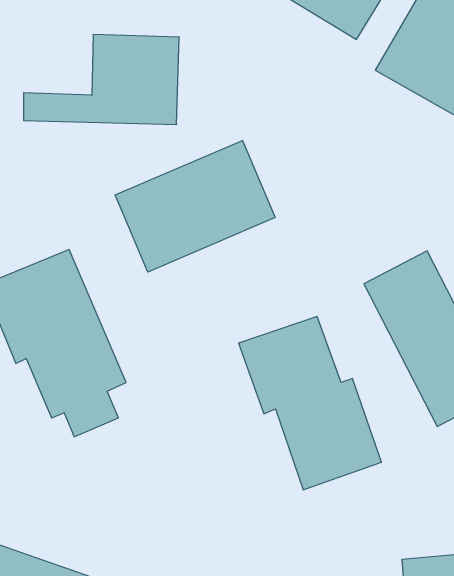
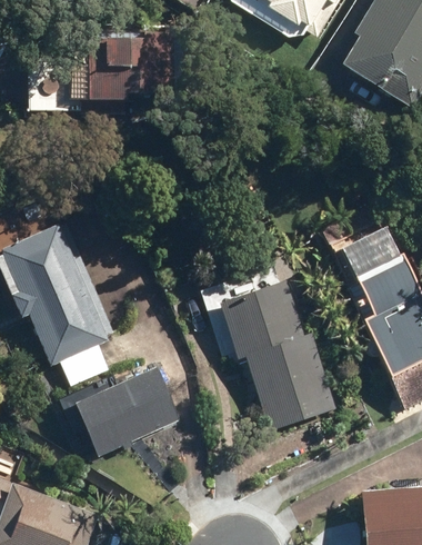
building: [115,140,275,272] -> none
building: none -> [72,366,182,459]

